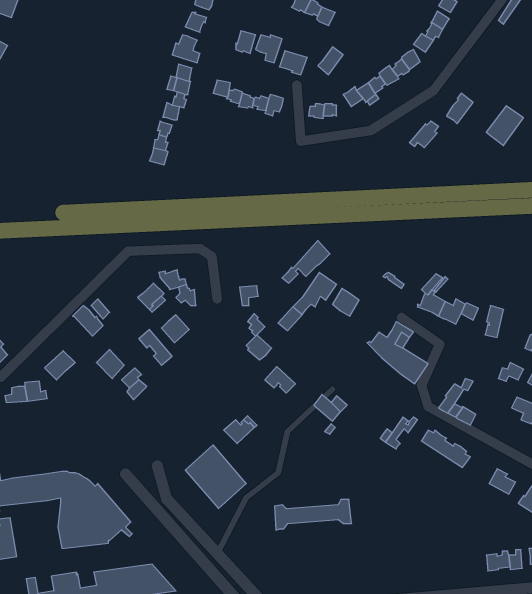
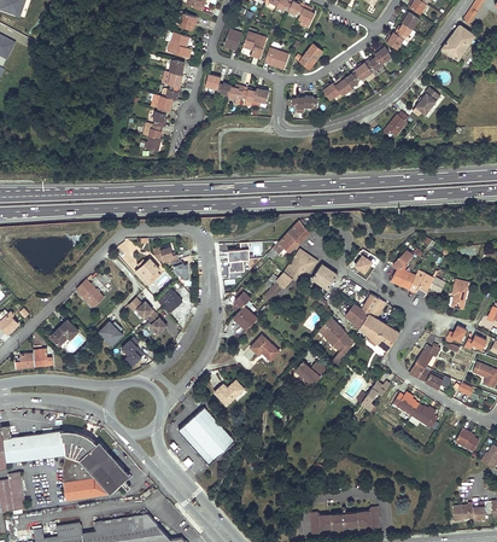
building: [486,106,523,146] -> [443,25,476,62]
building: none -> [320,317,352,360]
building: [275,499,352,530] -> [310,506,380,534]

